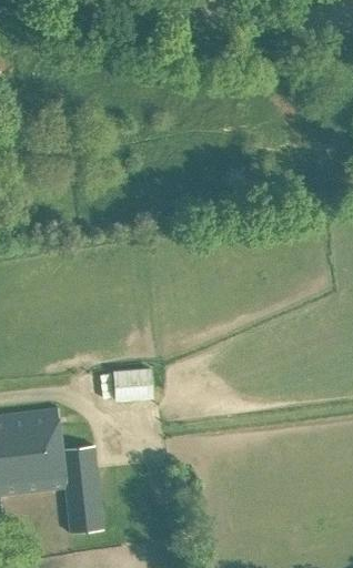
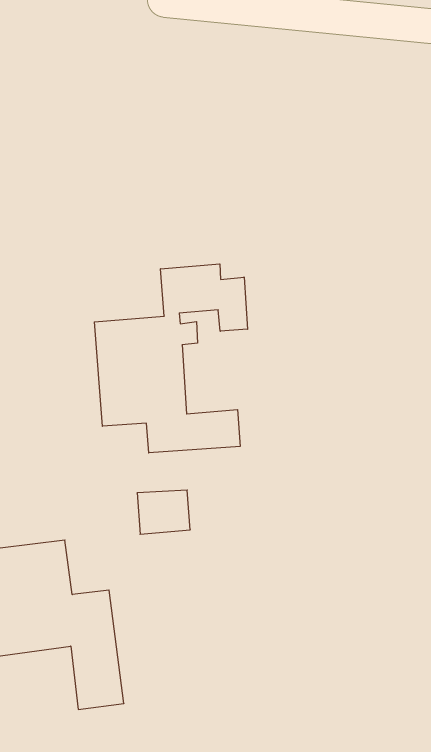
building: none -> [94,264,248,453]

